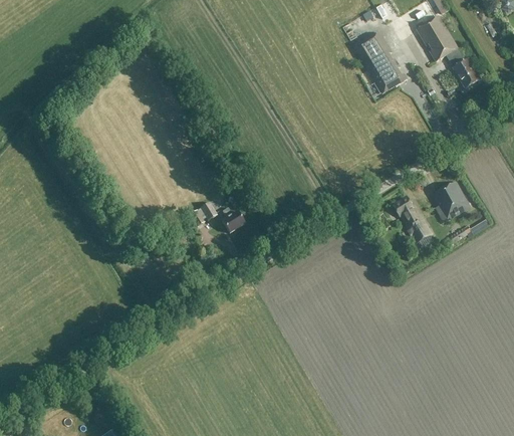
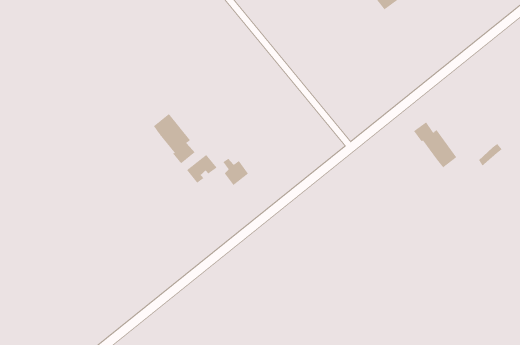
building: none -> [153,113,195,164]
building: [433,182,469,221] -> none

